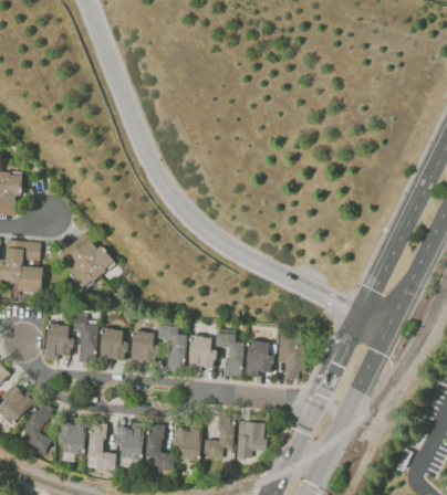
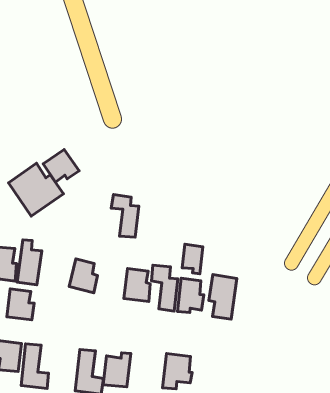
building: none -> [43,150,79,182]
building: none -> [182,244,203,274]
building: [157,325,186,368] -> [111,195,139,237]
building: [100,329,127,360] -> [7,289,34,320]
building: [204,413,235,459] -> none
building: [115,428,142,460] -> none

